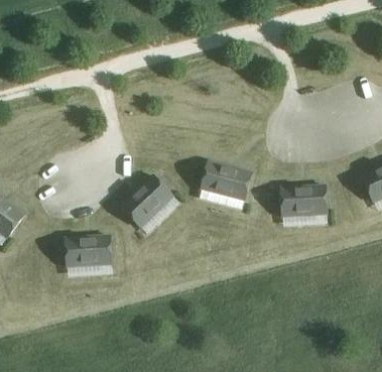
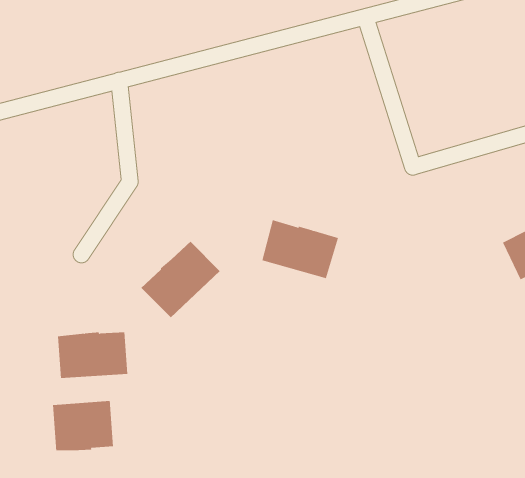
building: [281,187,329,218] -> none
building: none -> [52,400,113,451]

